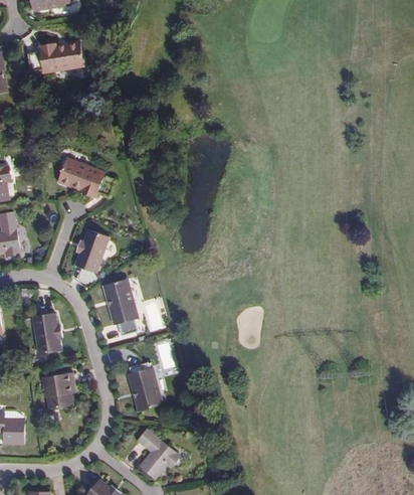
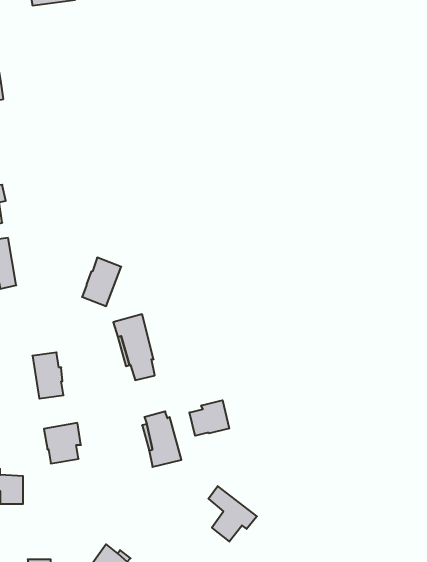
building: [28,42,84,73] -> none
building: [58,157,115,197] -> none
building: none -> [189,400,229,436]
building: [137,430,179,478] -> [208,486,257,542]

